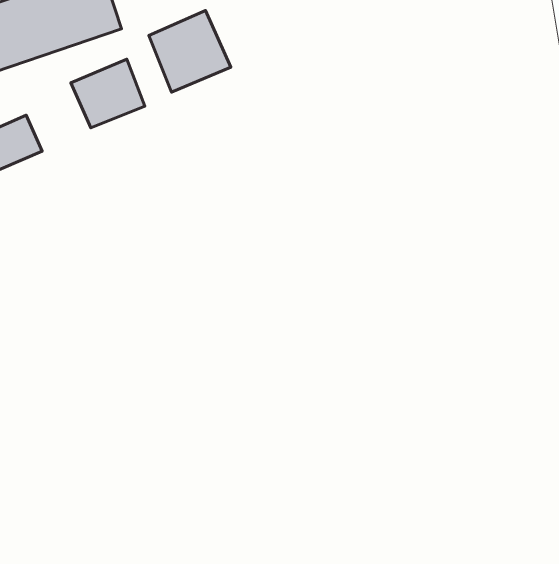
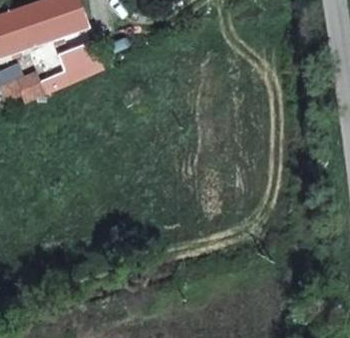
building: [149,10,231,92] -> none

